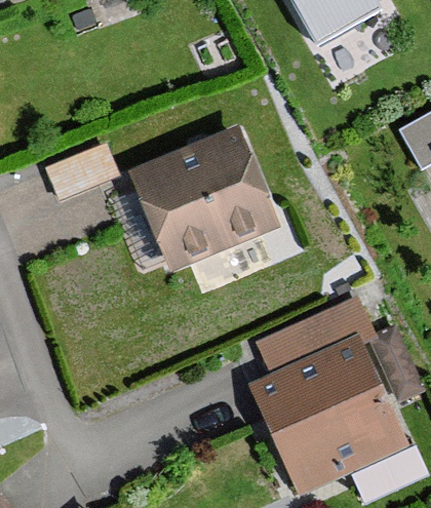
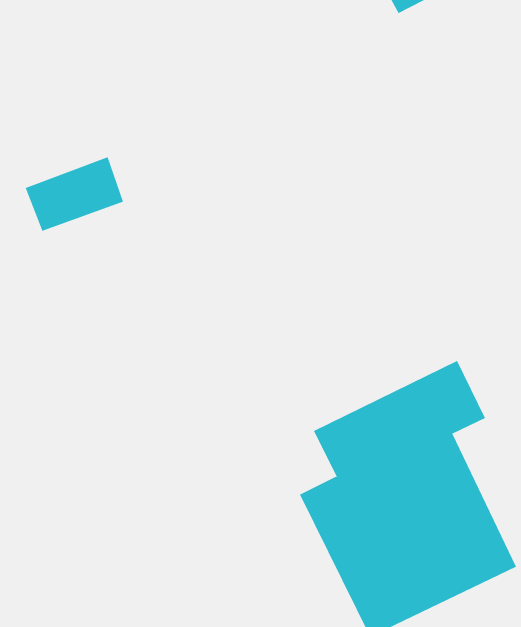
building: [127,128,279,270] -> none

